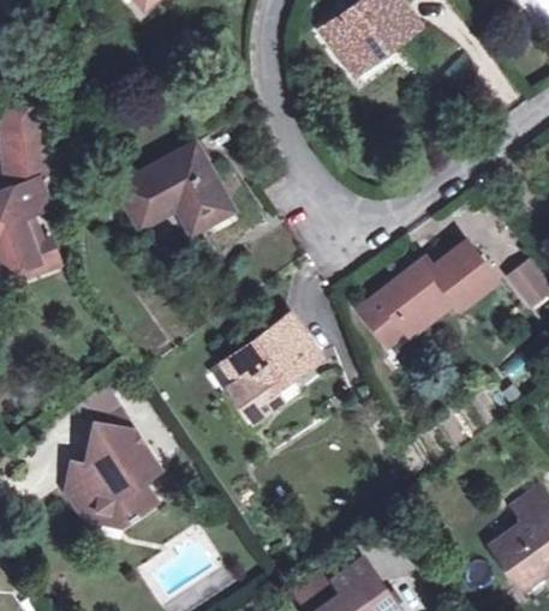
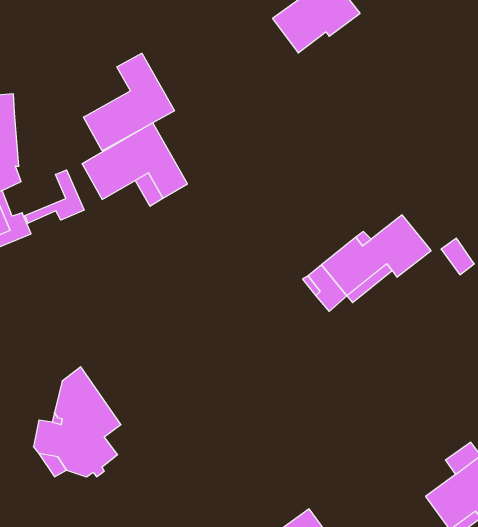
building: none -> [83,53,174,151]
building: none -> [25,170,84,223]
building: [227,316,316,420] -> none

